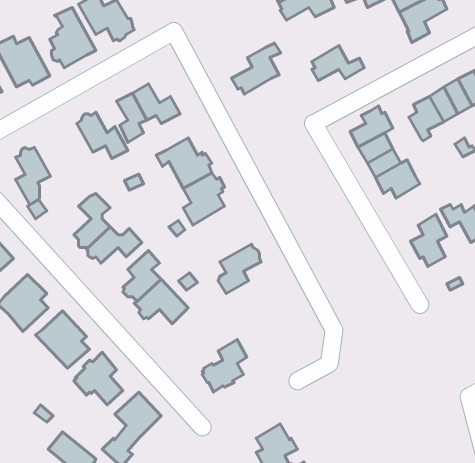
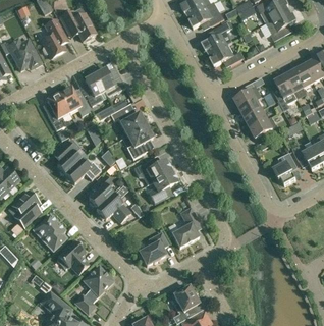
building: [232,43,281,94] -> [202,21,233,54]
building: [16,148,51,205] -> [47,94,69,130]
building: none -> [133,160,171,182]
building: none -> [172,207,199,248]

